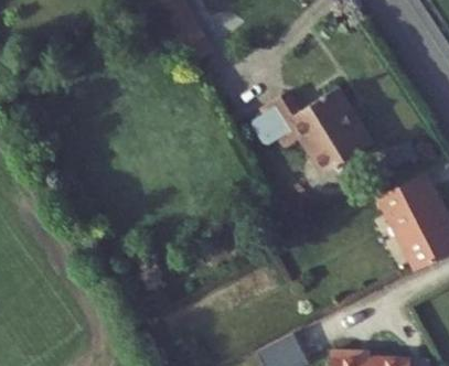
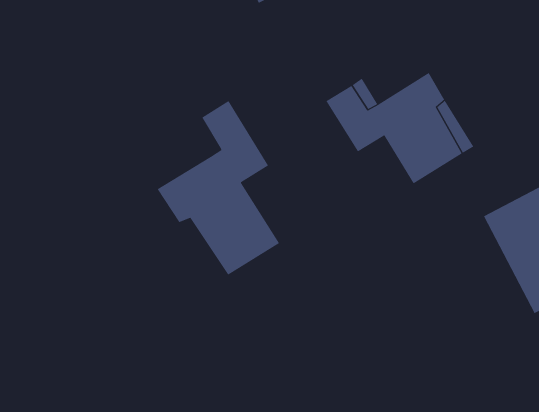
building: none -> [157,100,280,275]

